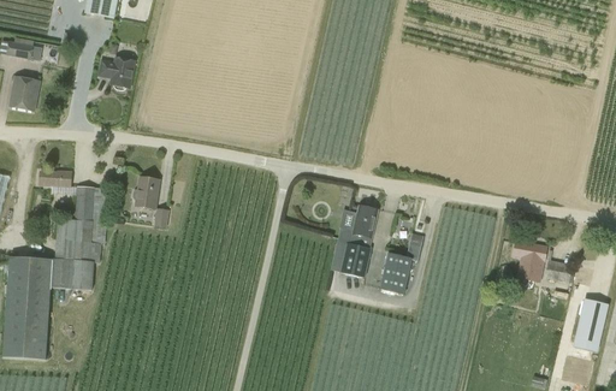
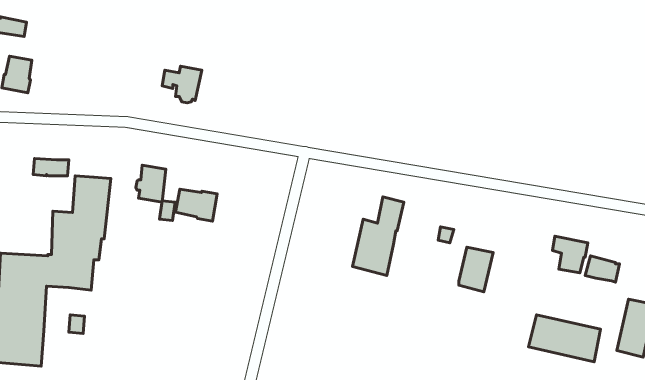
building: [99,57,135,90] -> [162,66,202,103]
building: none -> [176,189,217,221]
building: [380,253,411,294] -> [459,247,493,292]
building: none -> [528,315,601,362]

